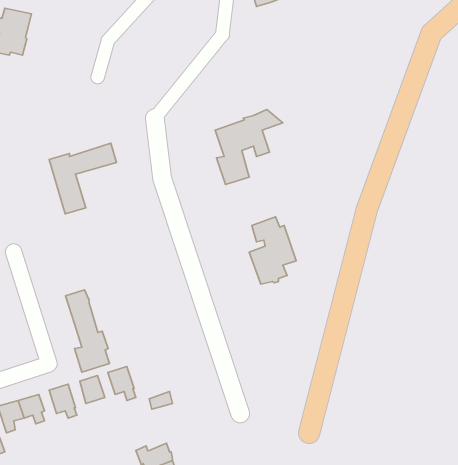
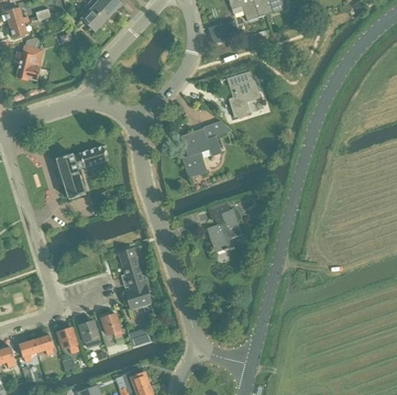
building: none -> [227,70,260,118]
building: [66,290,110,372] -> [118,248,151,309]

